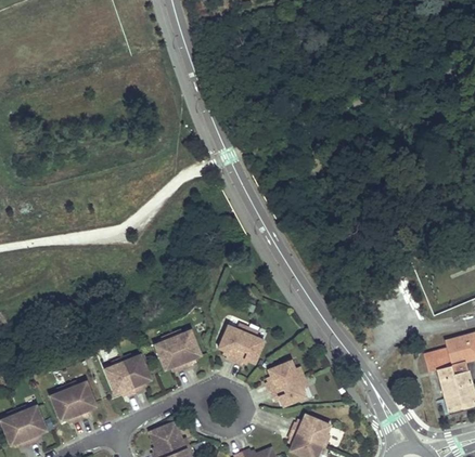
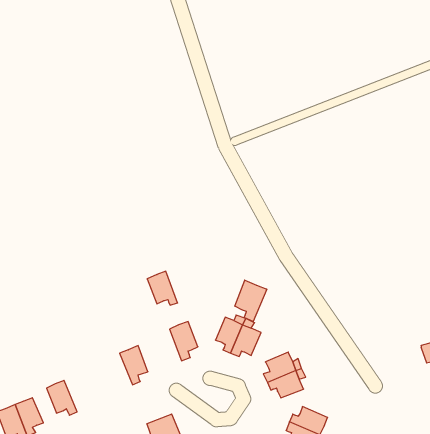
building: none -> [235,280,267,321]
building: [154,338,184,371] -> [147,271,178,305]
building: [104,362,136,396] -> none
building: [67,381,97,420] -> none

